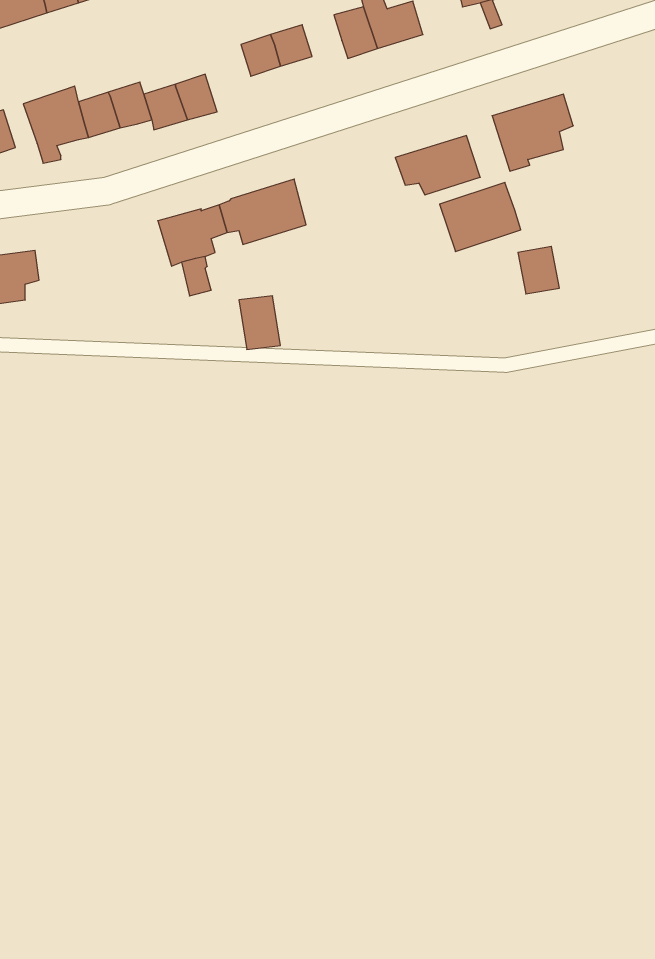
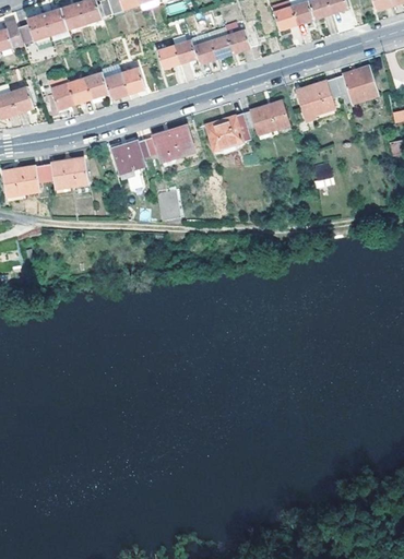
building: none -> [191,35,216,63]
building: none -> [335,68,378,104]
building: [440,182,521,252] -> [206,114,251,152]
building: none -> [44,159,86,189]

